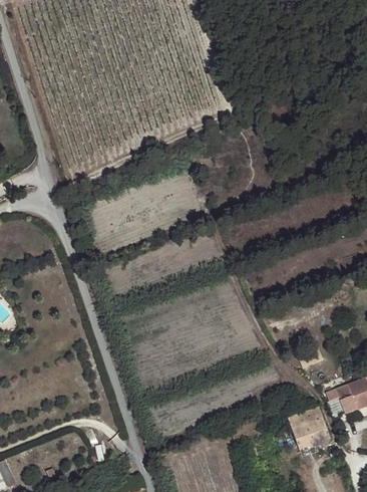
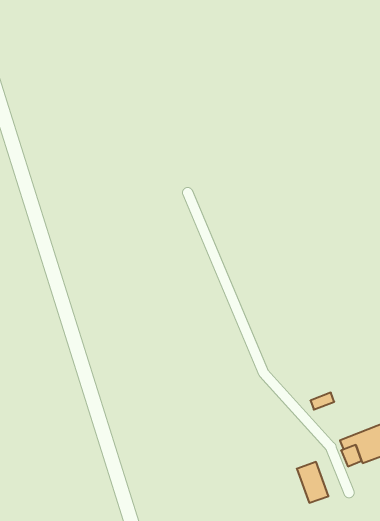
building: [304,407,329,442] -> none

